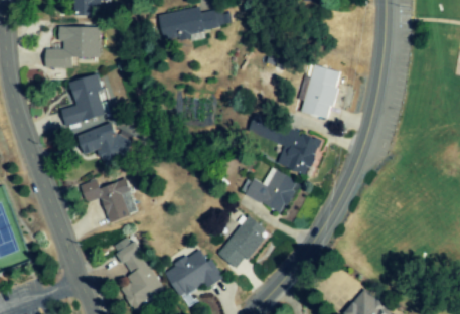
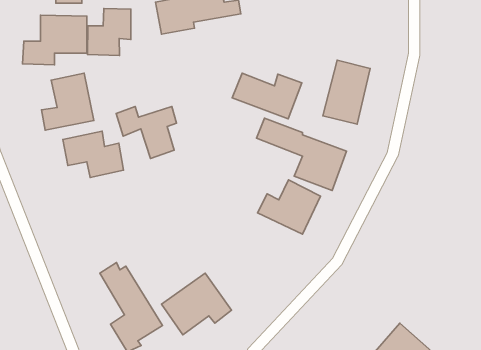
building: none -> [88,8,131,55]
building: none -> [232,73,302,119]
building: [80,178,131,222] -> [116,106,177,159]
building: [217,214,270,268] -> none

